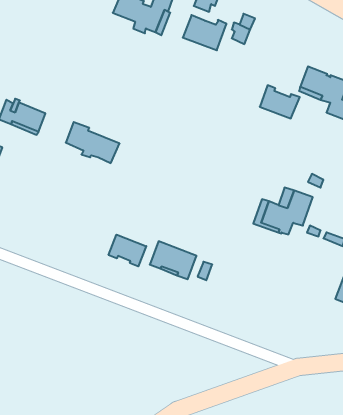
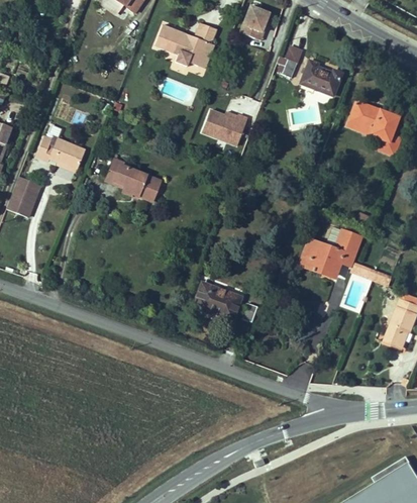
building: [183,15,227,50] -> [201,109,246,145]
building: [260,85,300,118] -> [300,61,341,95]
building: [109,235,146,266] -> none

